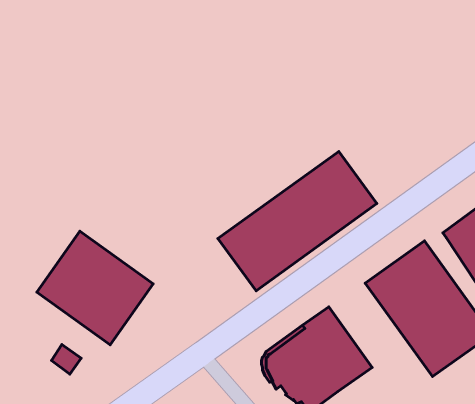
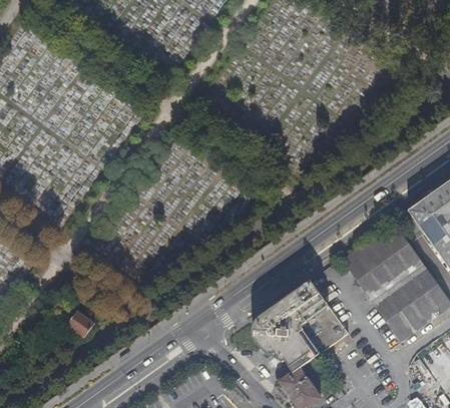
building: [218,151,377,291] -> none
building: [37,231,153,345] -> none

